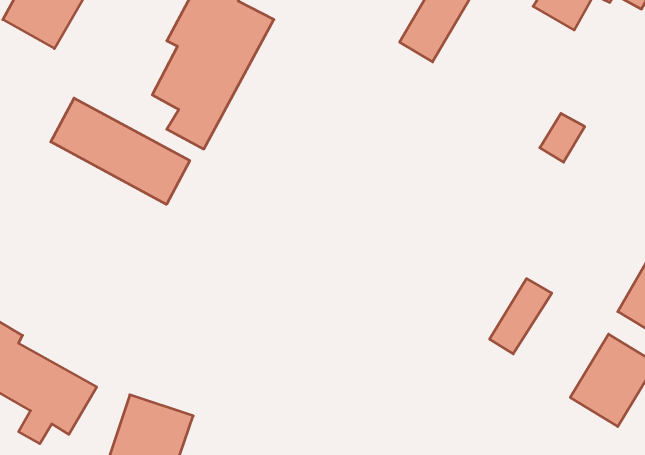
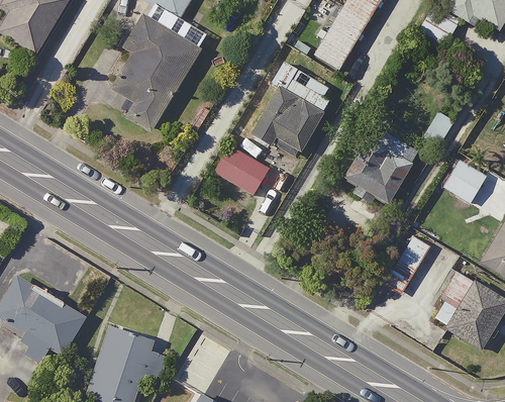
building: none -> [247,61,332,158]
building: [51,98,190,204] -> none
building: none -> [340,122,417,203]
building: none -> [213,144,267,193]
building: none -> [441,158,486,203]

